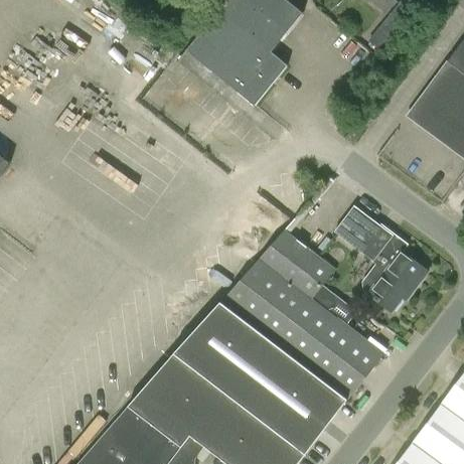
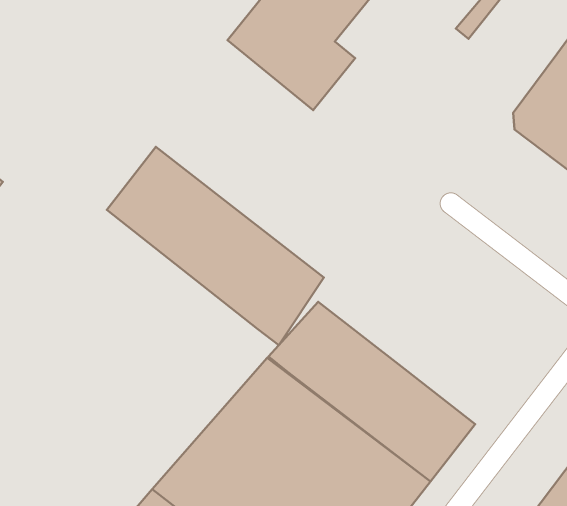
building: none -> [107,147,324,345]
building: [335,206,429,312] -> none
building: [260,229,337,310] -> none

